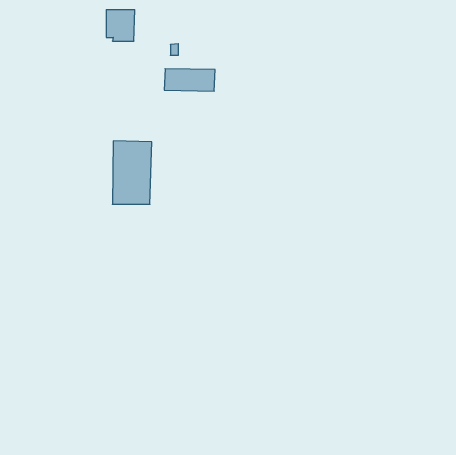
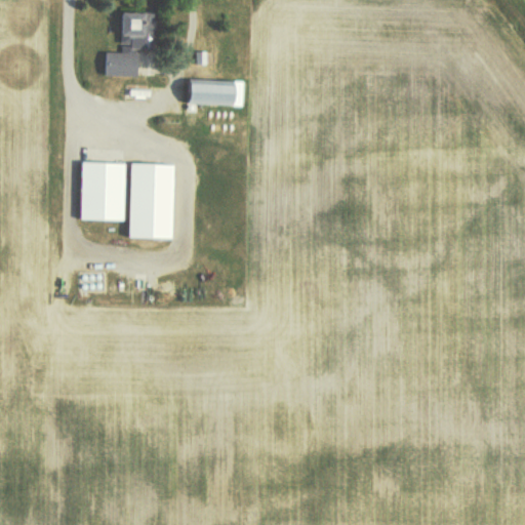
building: none -> [105,52,137,77]
building: none -> [80,162,125,220]

